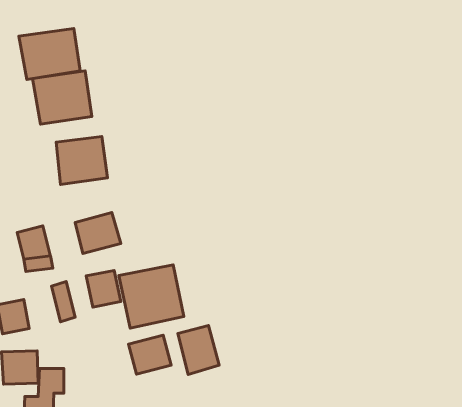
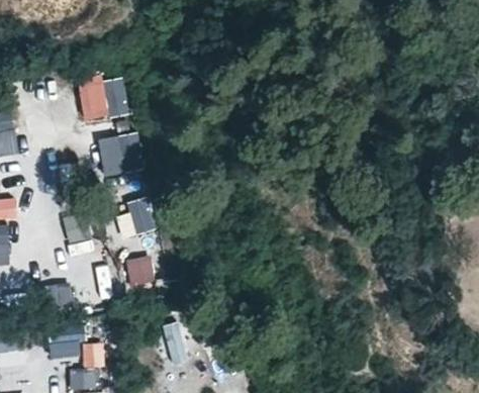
building: [19,28,80,79] -> none
building: [119,265,184,328] -> none
building: [178,326,219,374] -> none

